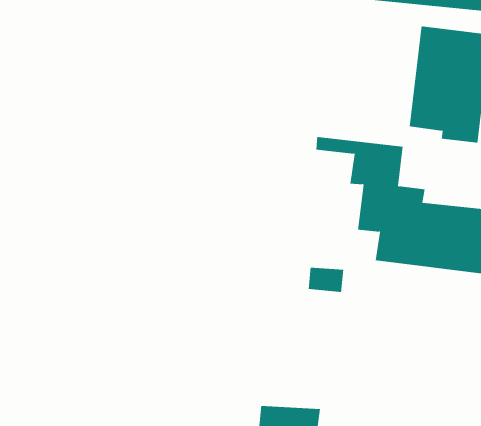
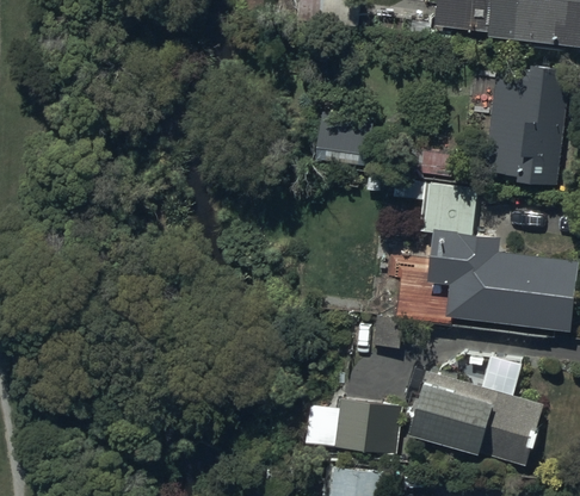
building: none -> [412,373,544,470]
building: none -> [332,403,401,457]

